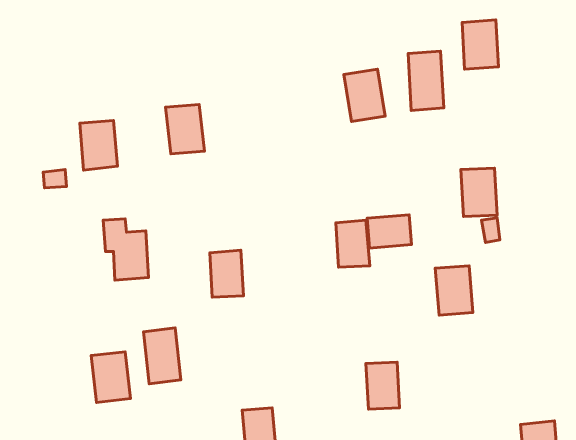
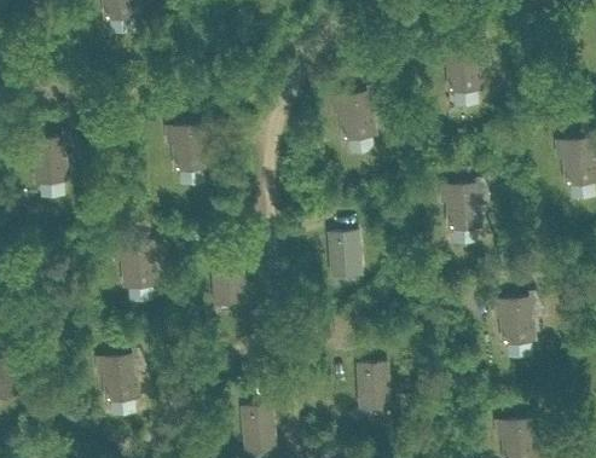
building: [408,51,444,110] -> none
building: [80,121,117,170] -> [33,139,68,185]
building: [367,215,411,248] -> none
building: [435,266,473,315] -> [499,298,534,344]
building: [143,328,181,384] -> none

